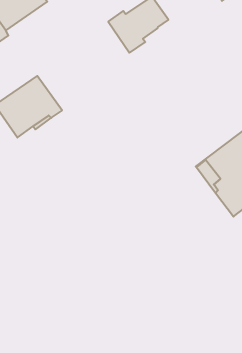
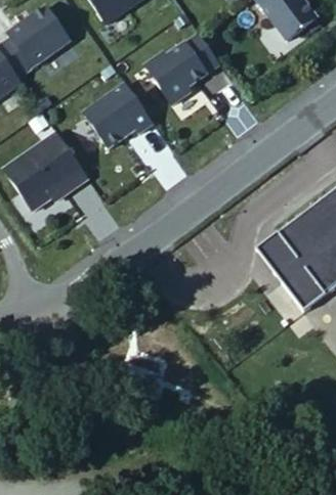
building: none -> [84,85,154,149]

